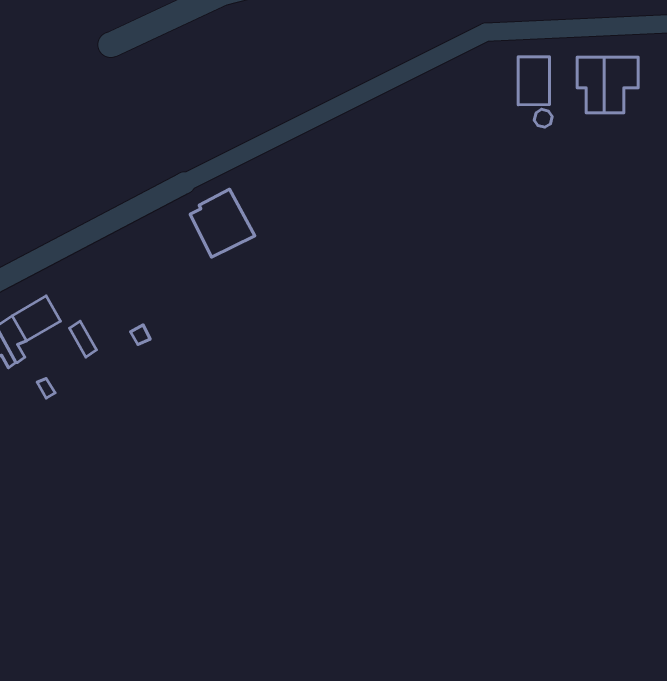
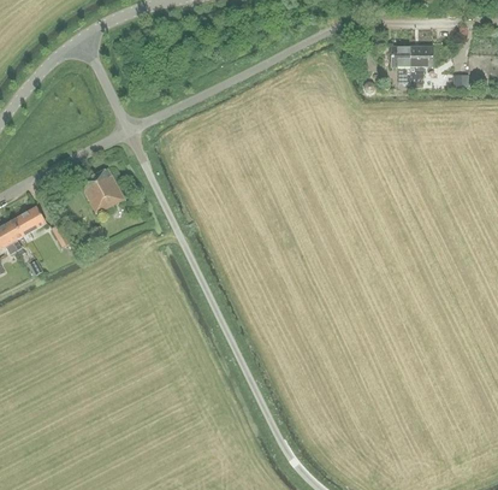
building: [518,57,550,105] -> none
building: [190,189,255,257] -> [81,167,124,213]

